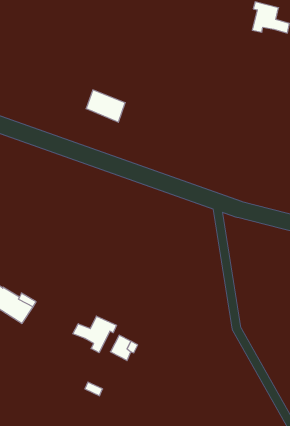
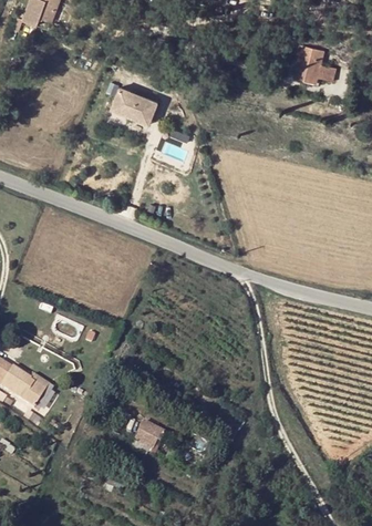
building: [86,90,125,122] -> [114,85,158,122]
building: [73,316,117,353] -> none

